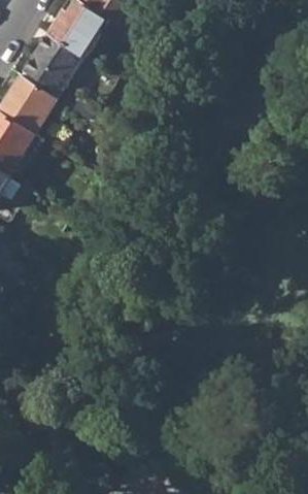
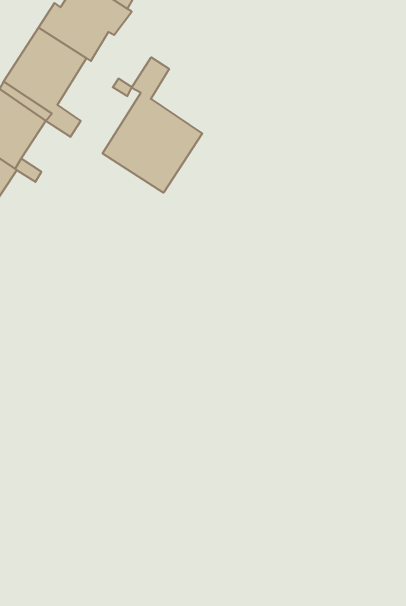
building: none -> [103,57,202,193]

